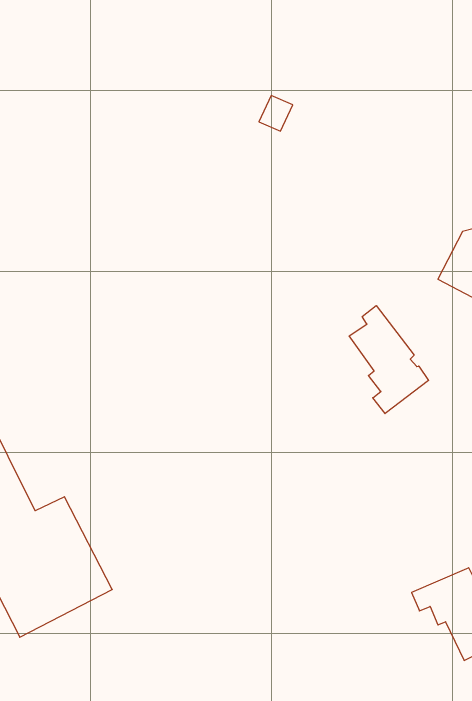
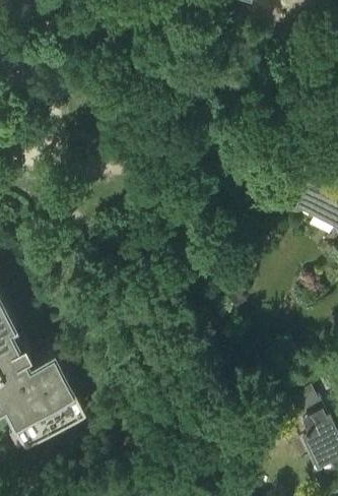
building: [349,306,429,414] -> none

